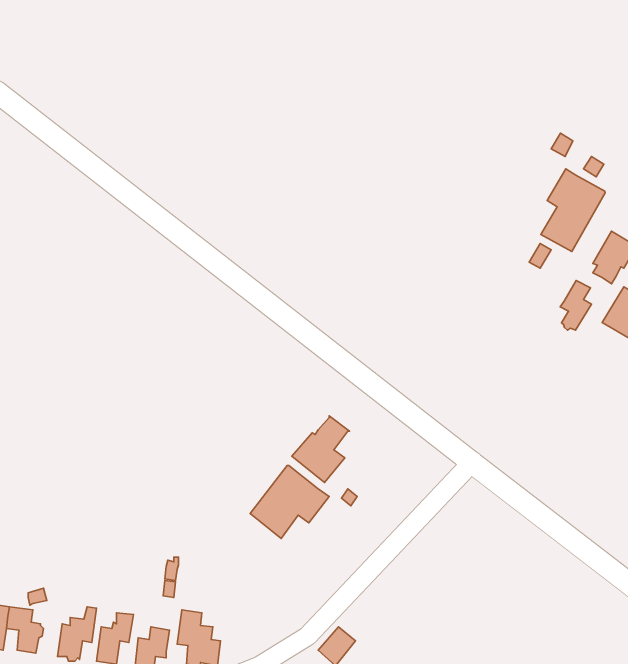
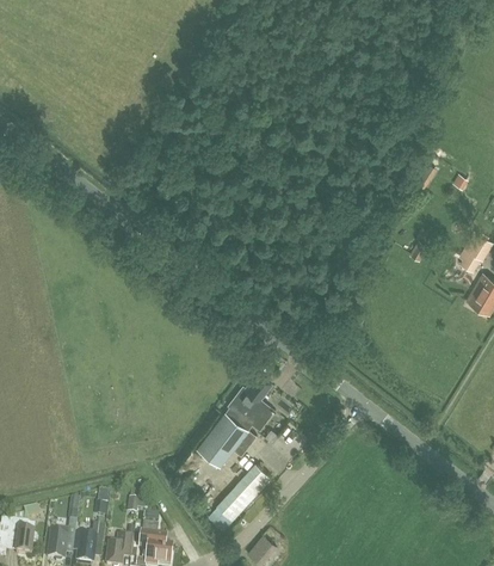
building: [541,169,605,251] -> none
building: [560,281,591,330] -> none
building: none -> [216,463,270,519]

